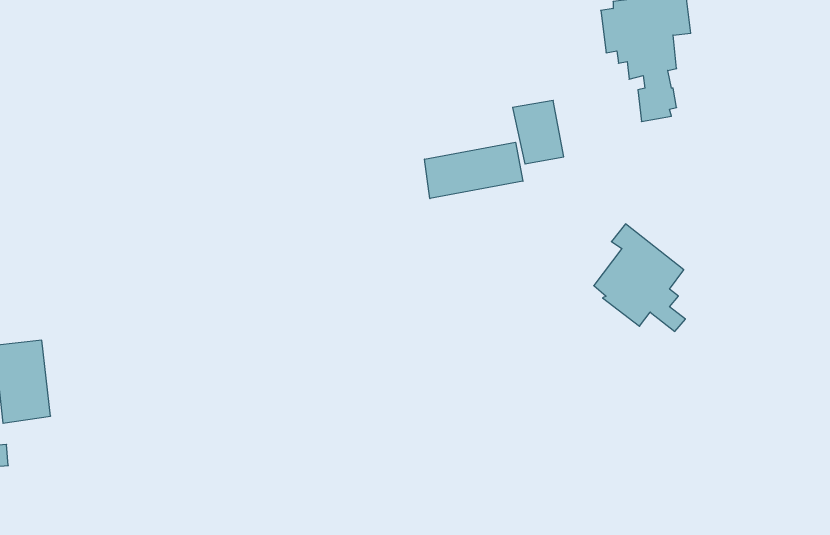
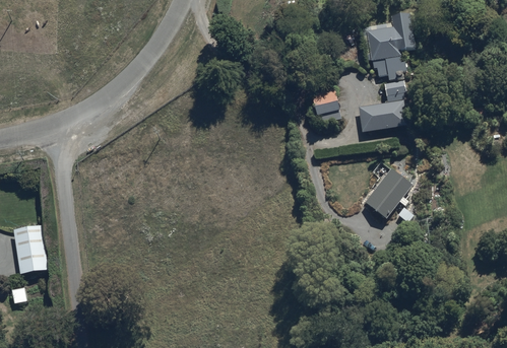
building: none -> [359,99,406,131]
building: [425,142,523,199] -> none

